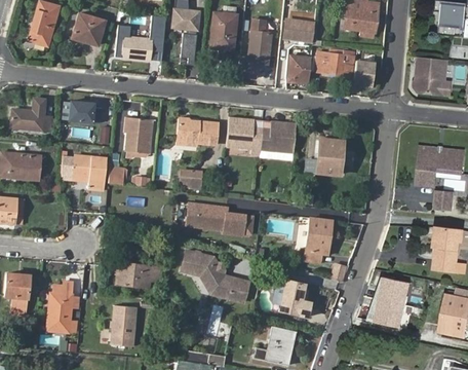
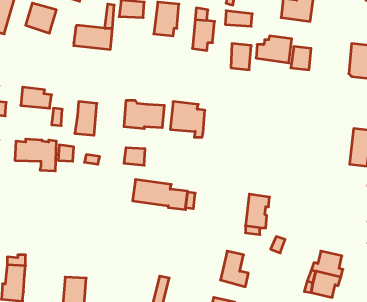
building: [180,32,197,64] -> none
building: [260,122,297,154] -> none
building: [315,135,342,175] -> none
building: [178,247,249,303] -> none
building: [115,260,161,288] -> none

